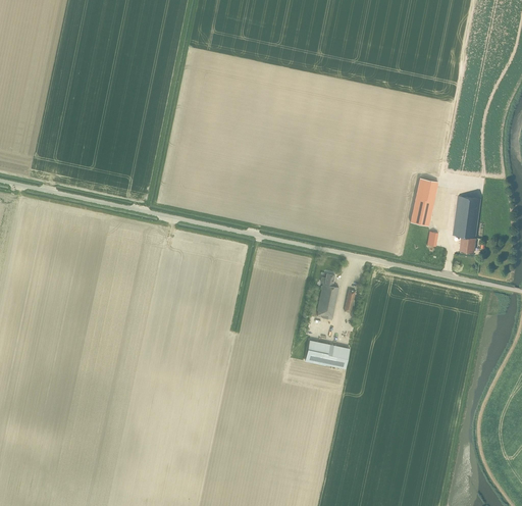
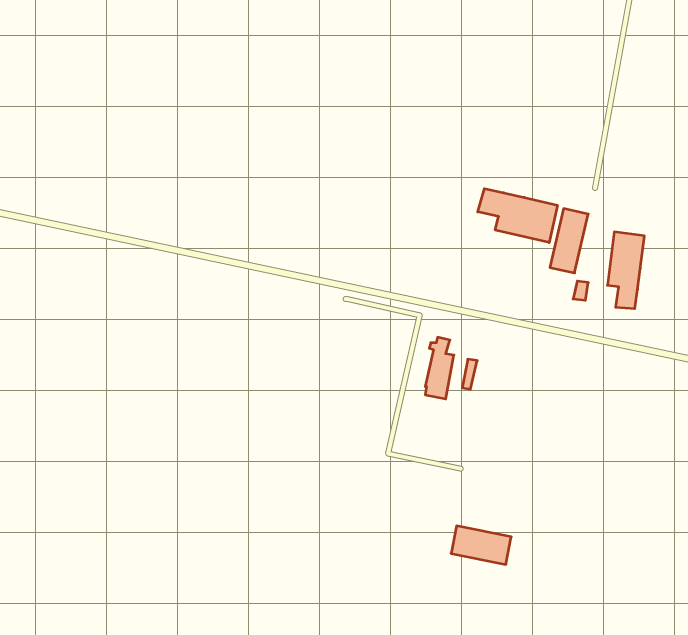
building: none -> [478,189,557,243]
building: [305,340,350,368] -> [451,526,511,564]

